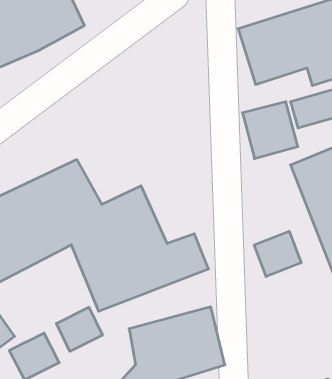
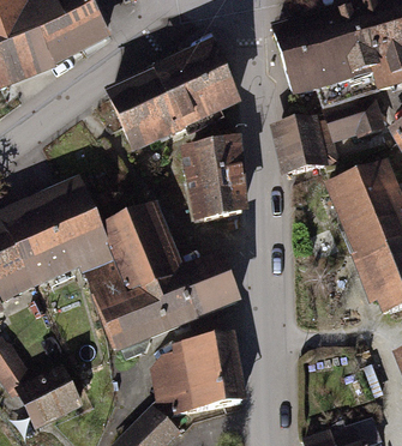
building: none -> [102,47,232,146]
building: none -> [175,137,238,221]
building: [254,231,301,277] -> none
building: [56,307,102,351] -> none

